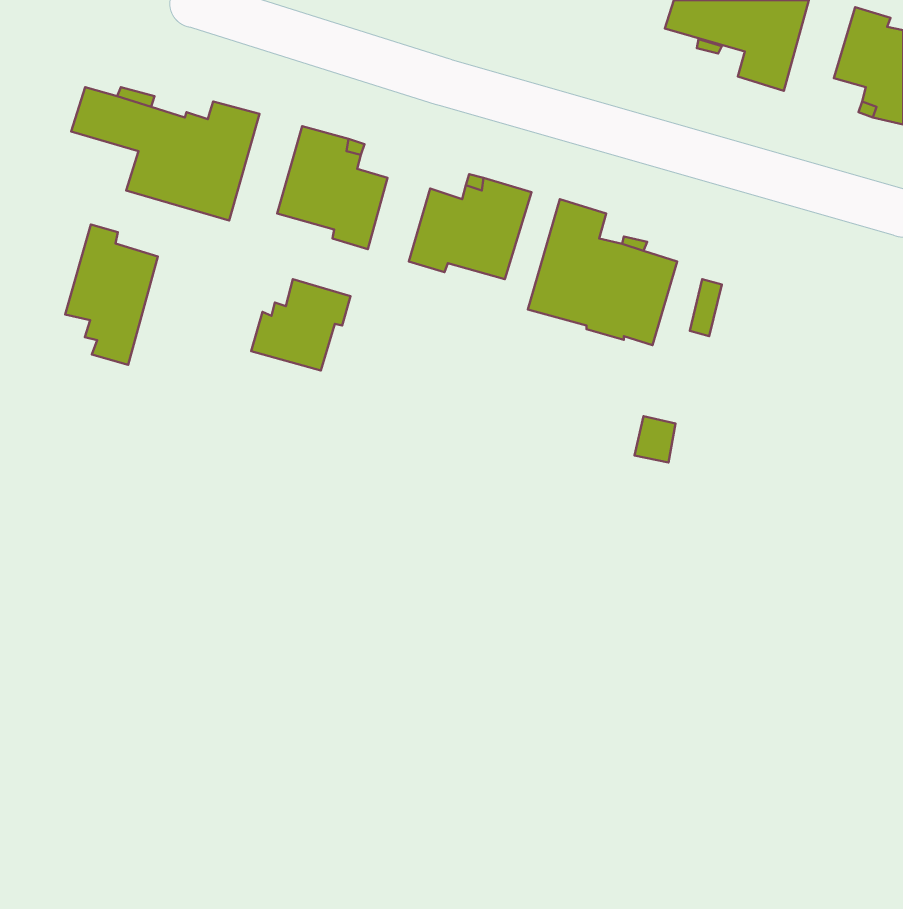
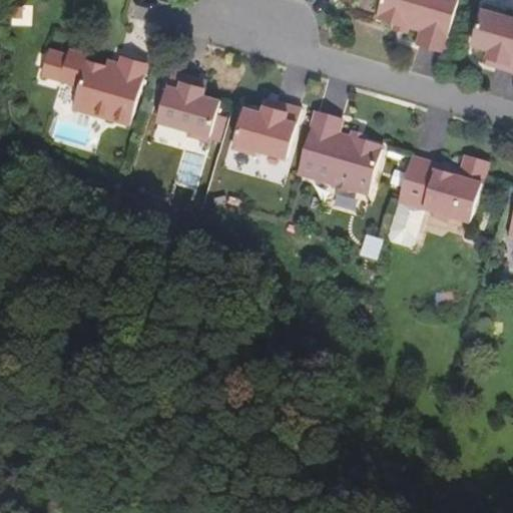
building: [65,225,158,365] -> none
building: none -> [390,156,487,244]
building: [251,279,351,370] -> none

